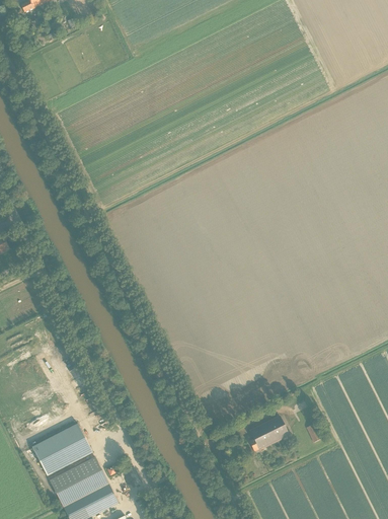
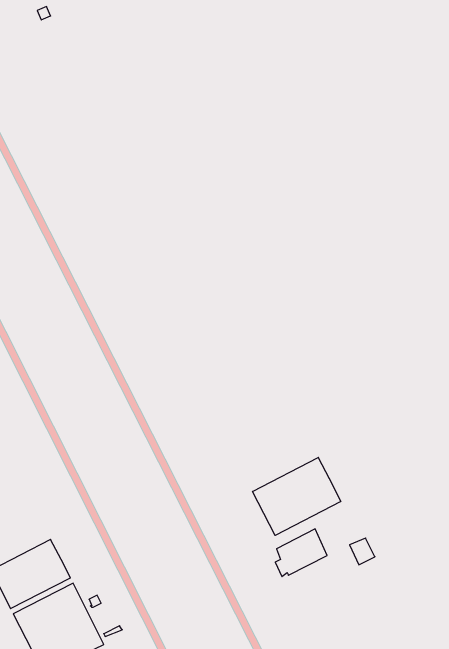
building: none -> [253,457,341,535]

